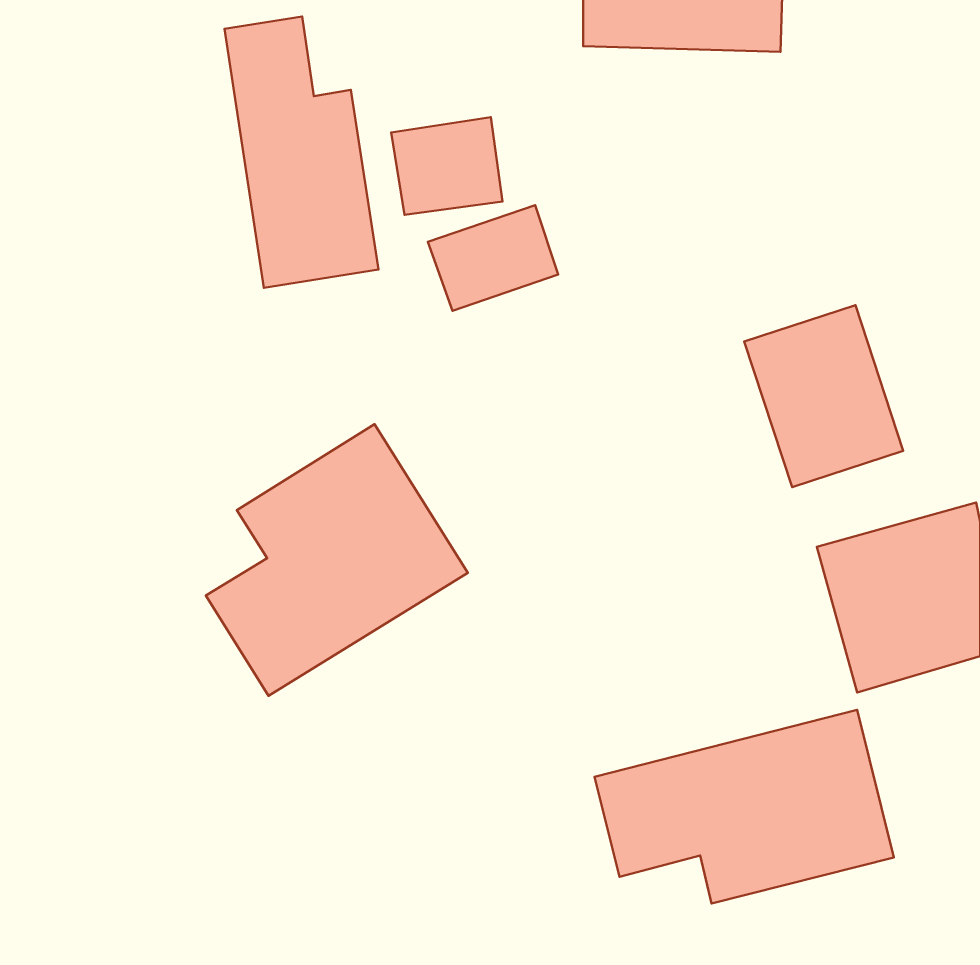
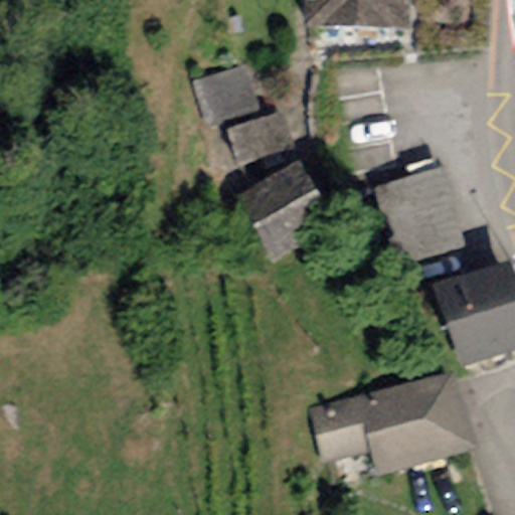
building: [225,17,378,288] -> none
building: none -> [235,162,333,259]
building: [206,424,468,696] -> none

